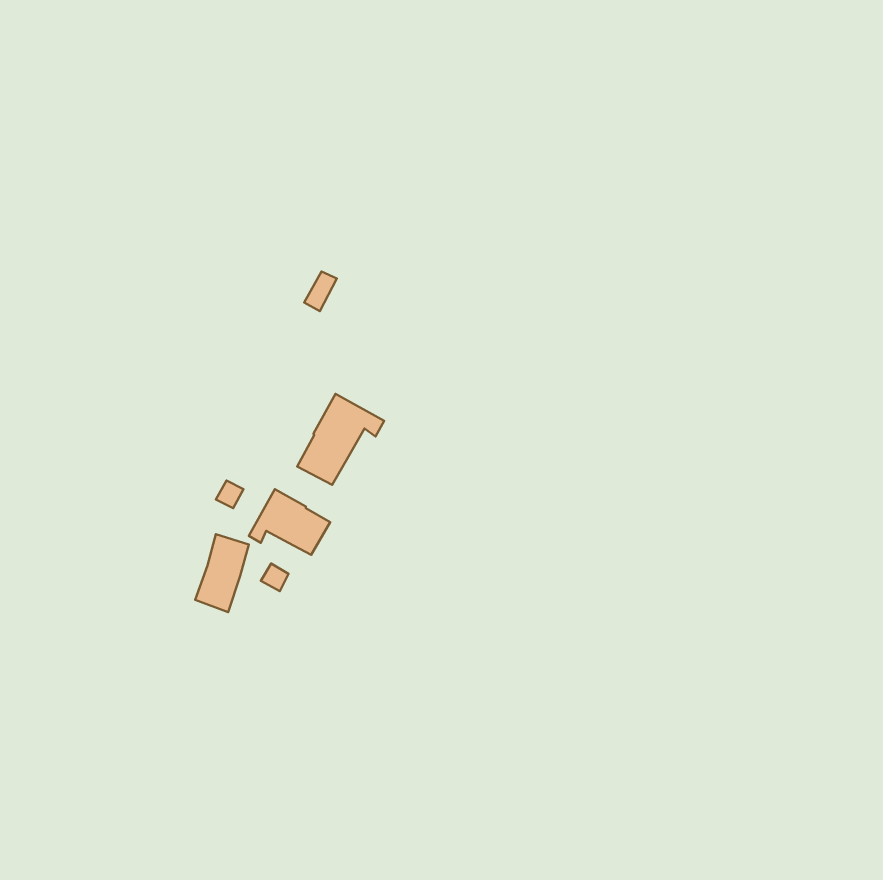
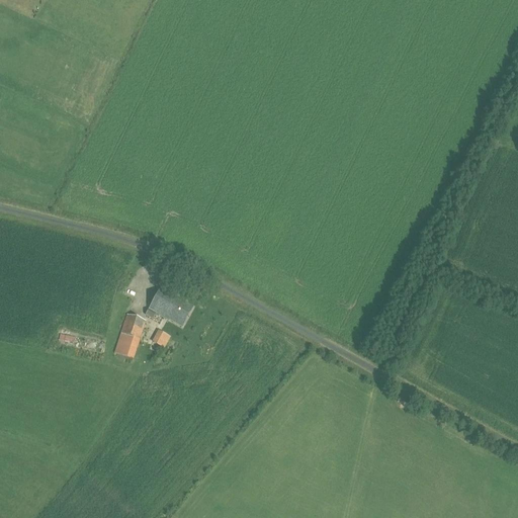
building: [297,394,384,485] -> none

